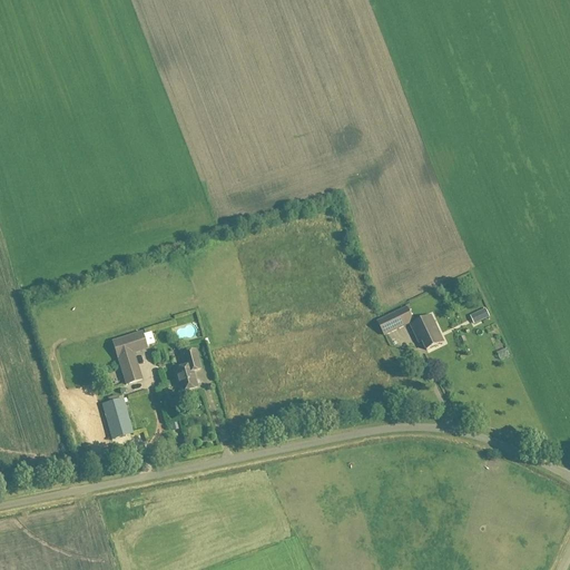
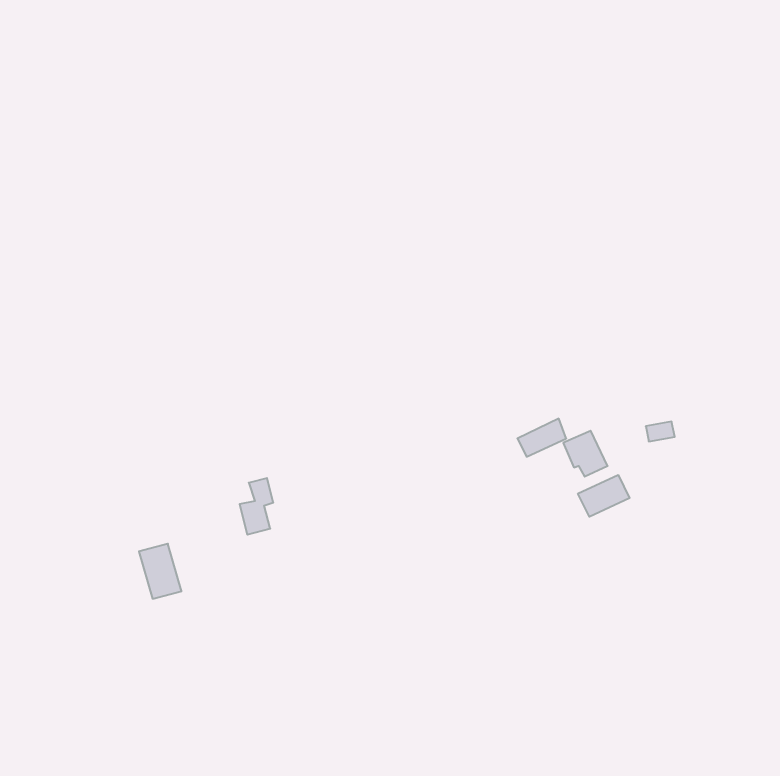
building: [112,330,147,382] -> none
building: none -> [578,475,630,517]

